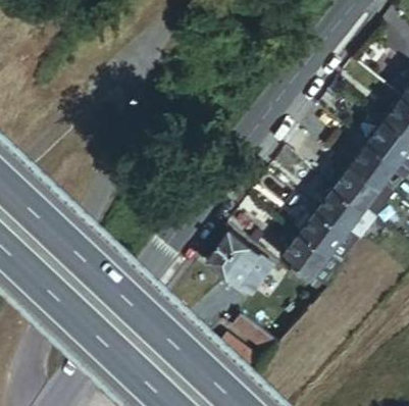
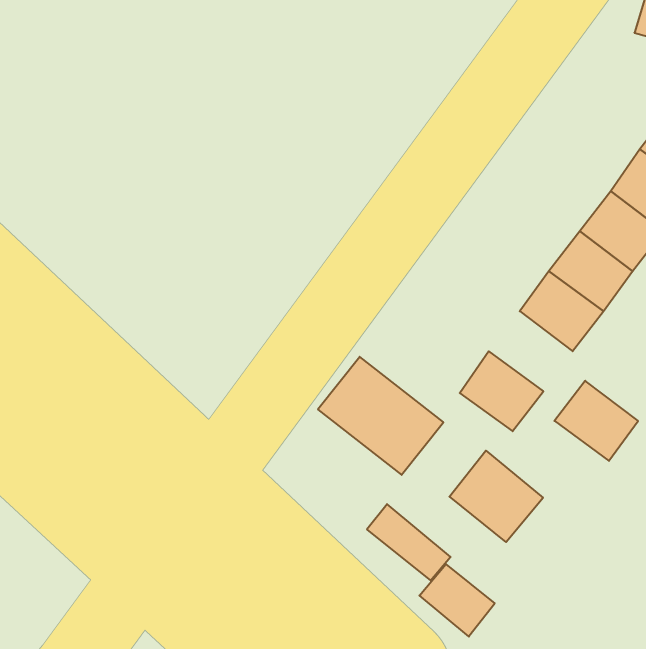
building: [304,205,351,250] -> [554,381,638,461]
building: none -> [449,451,543,542]
building: none -> [419,564,495,637]

